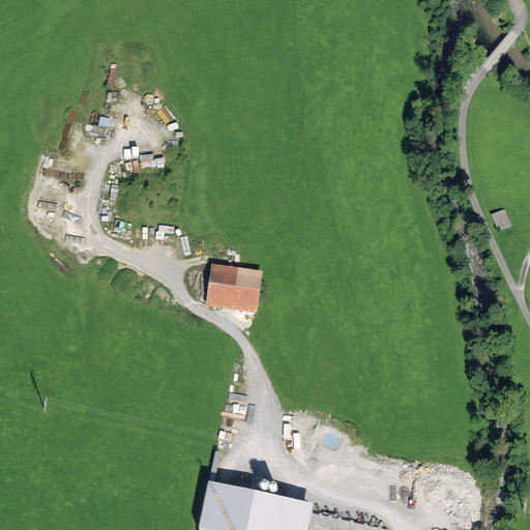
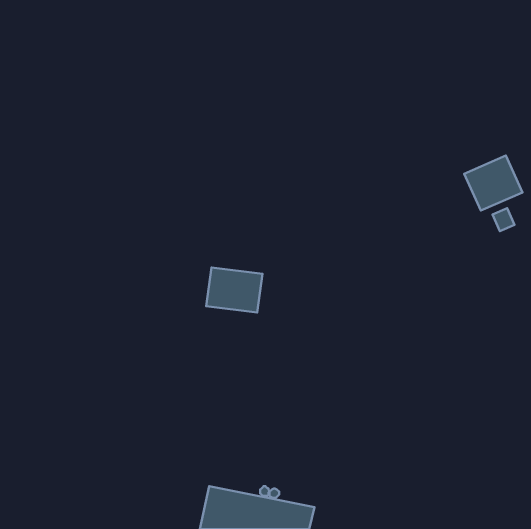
building: none -> [464,156,523,211]

